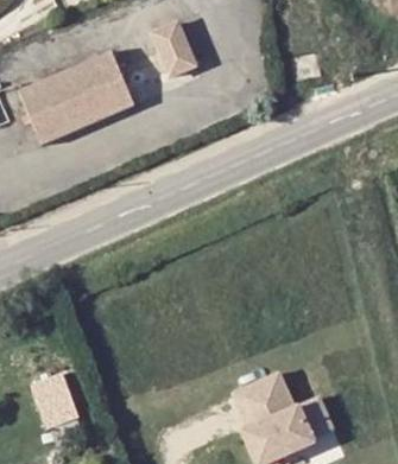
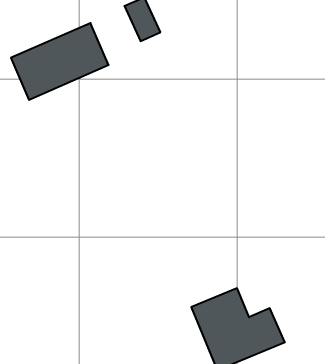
building: [32,373,86,431] -> none

